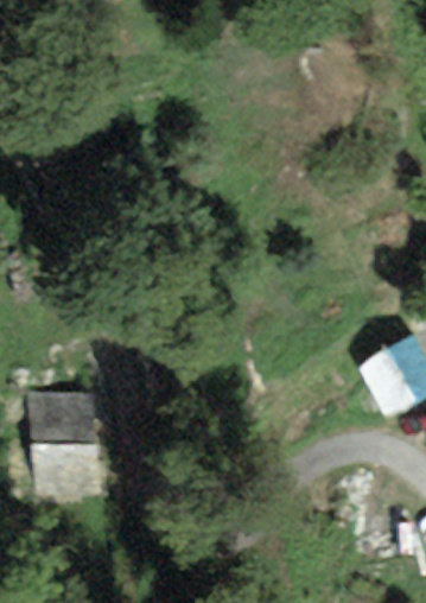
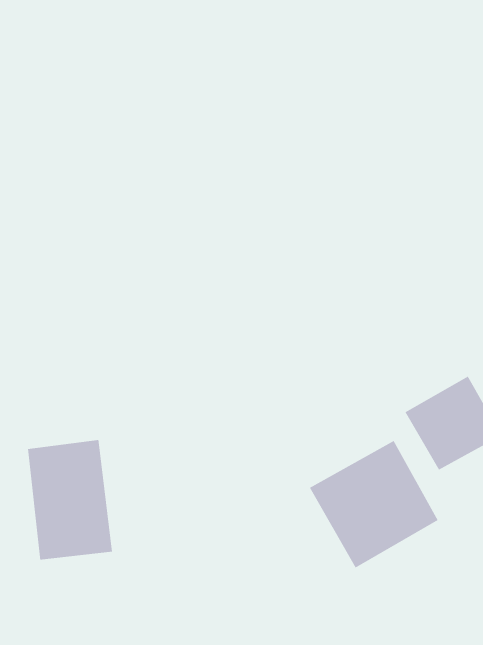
building: none -> [309,440,439,568]

